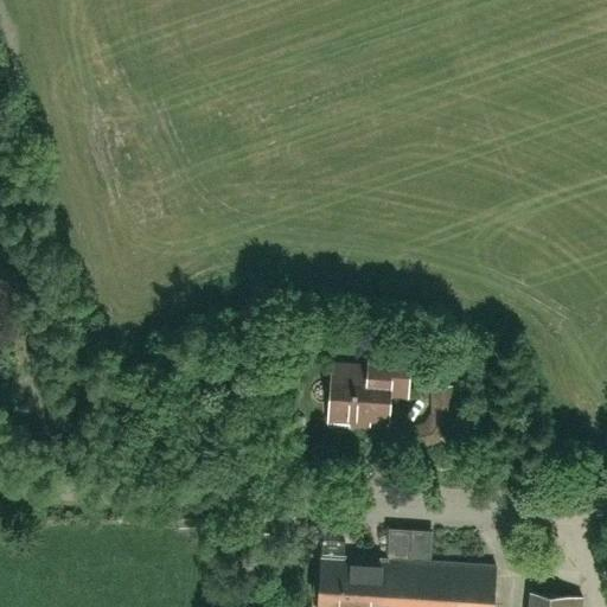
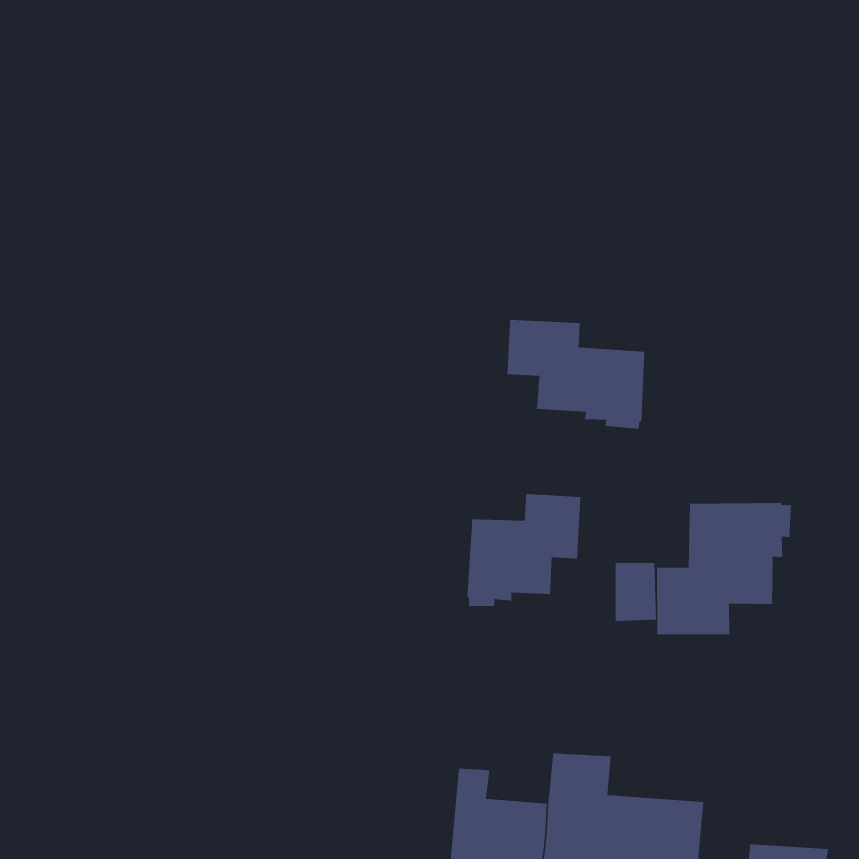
building: none -> [507,319,645,430]
building: none -> [657,502,792,635]

